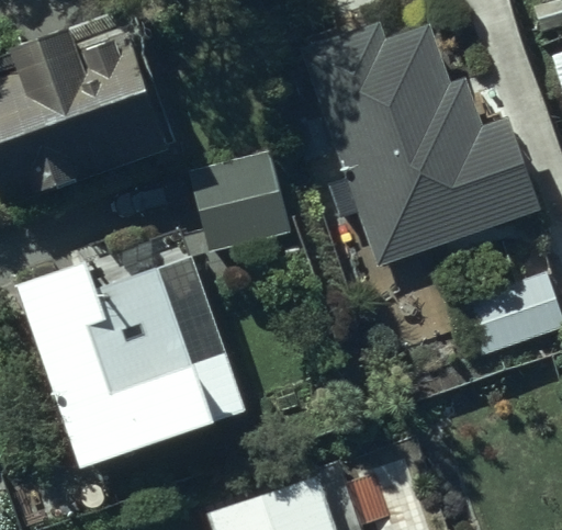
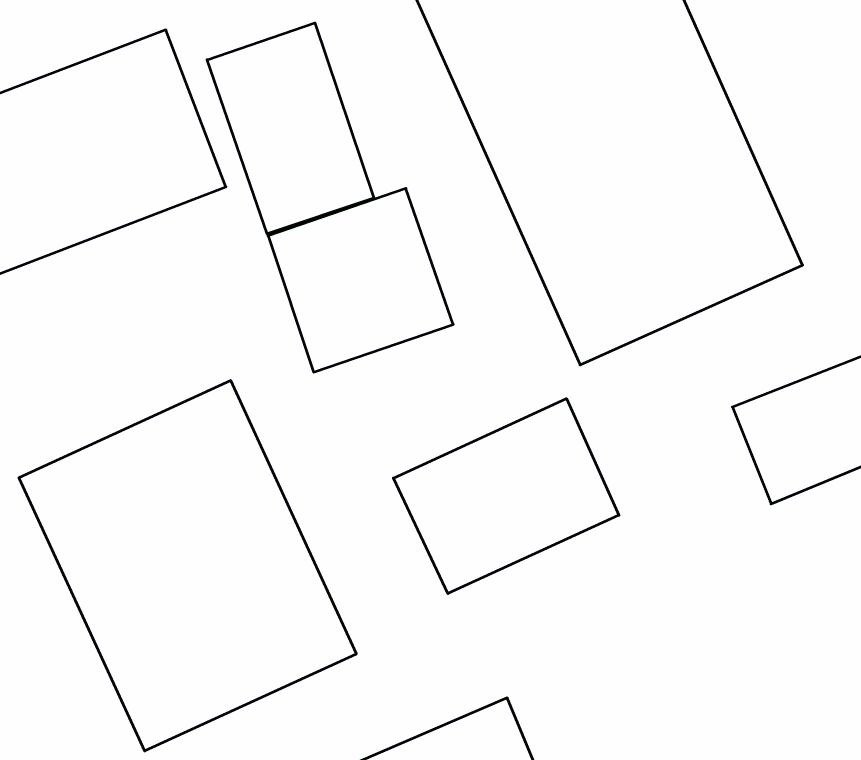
building: none -> [207,23,374,234]
building: none -> [393,399,619,594]

